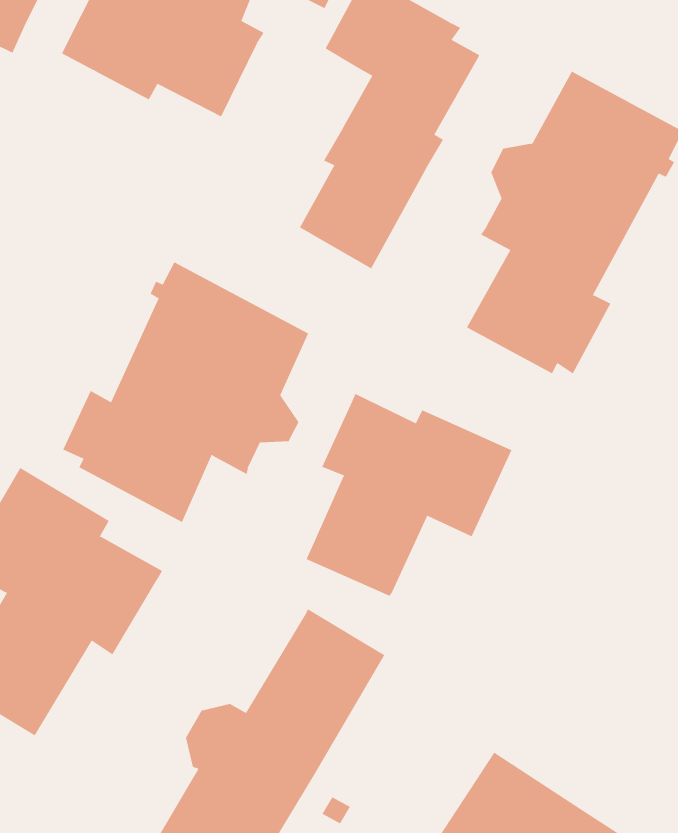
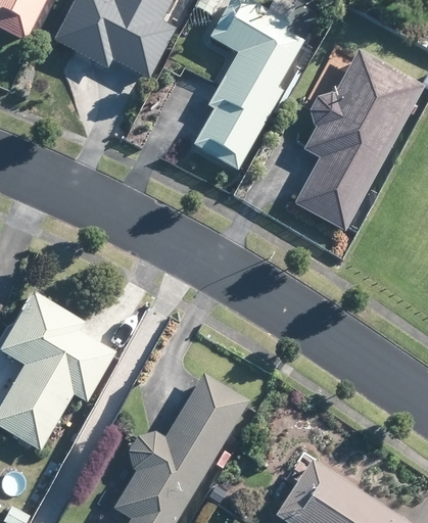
building: [63,261,309,523] -> none
building: [306,393,512,597] -> none

